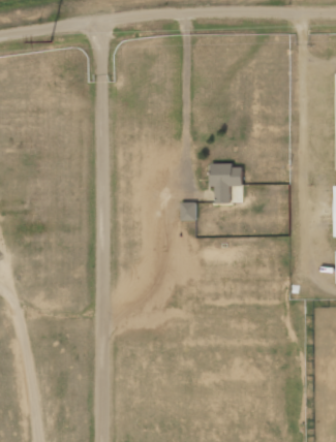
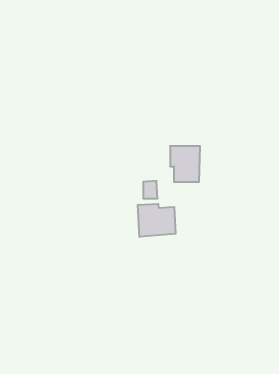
building: none -> [138,204,176,237]

